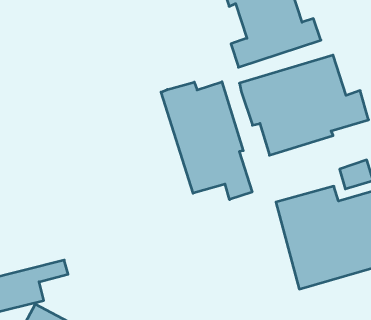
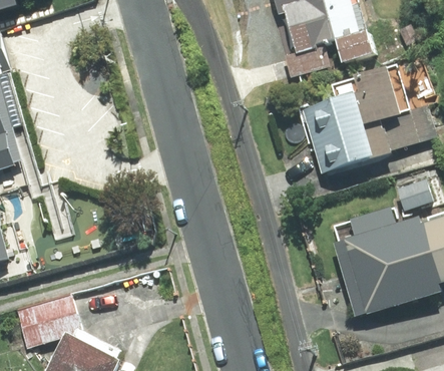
building: [161,82,252,200] -> none

